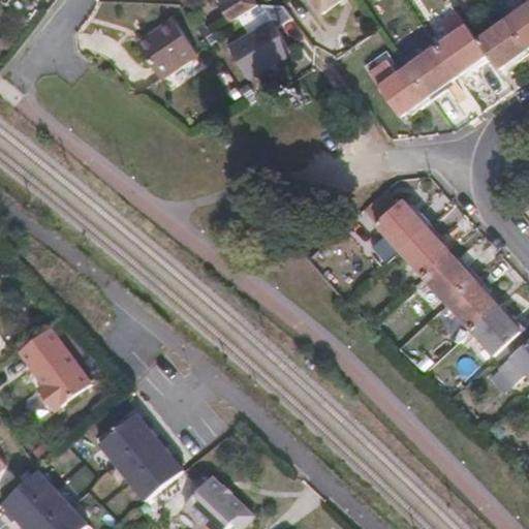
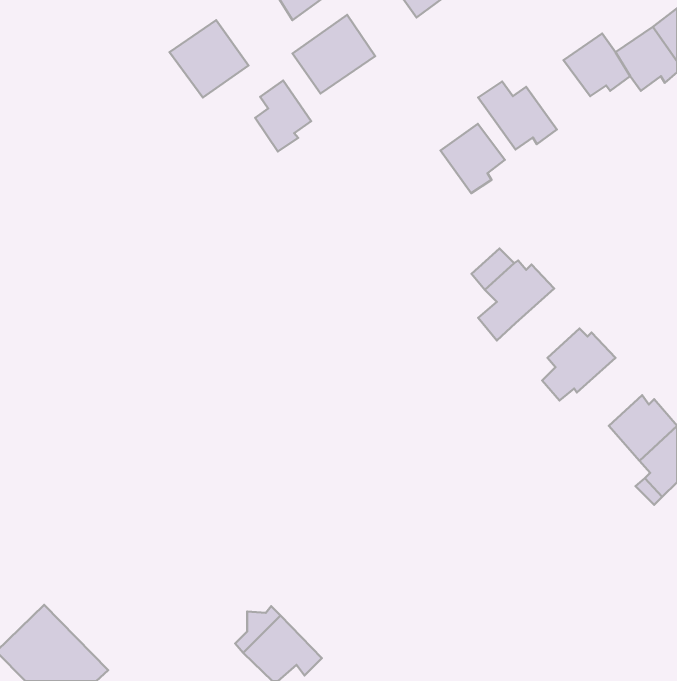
building: [407,46,457,100] -> [441,124,505,193]
building: none -> [255,80,311,151]
building: [399,223,448,277] -> none
building: [446,277,497,330] -> none
building: [17,330,92,414] -> none
building: [98,413,182,502] -> none

